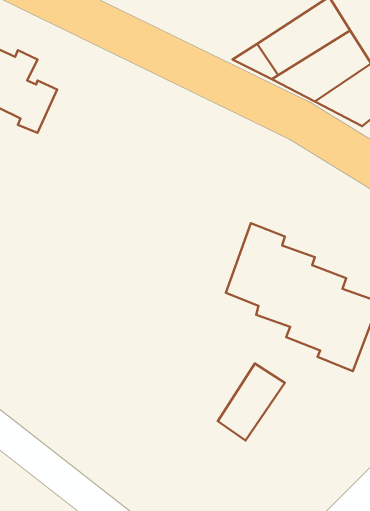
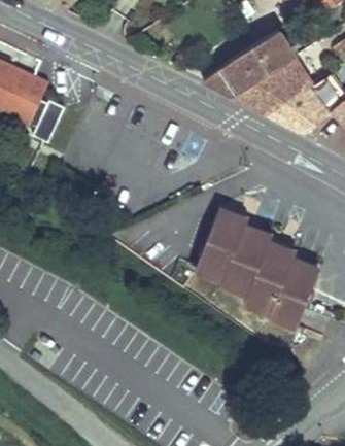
building: [218,363,285,441] -> none

